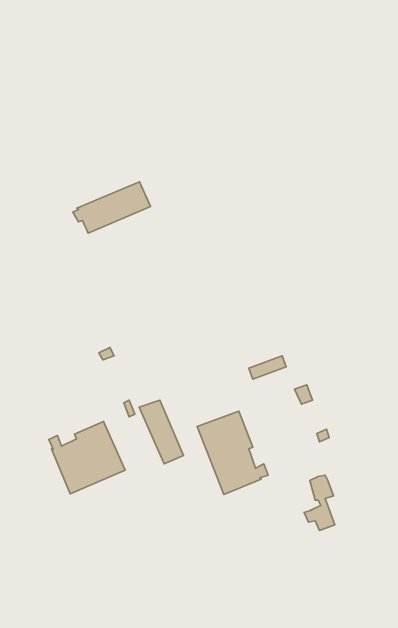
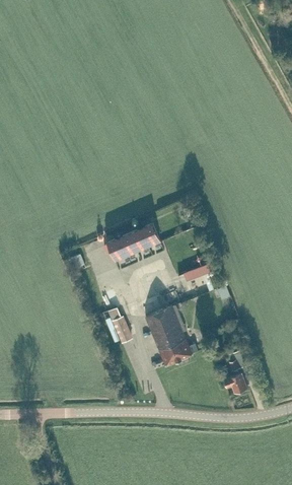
building: [73,182,151,233] -> [102,224,159,262]
building: [49,421,125,494] -> none

